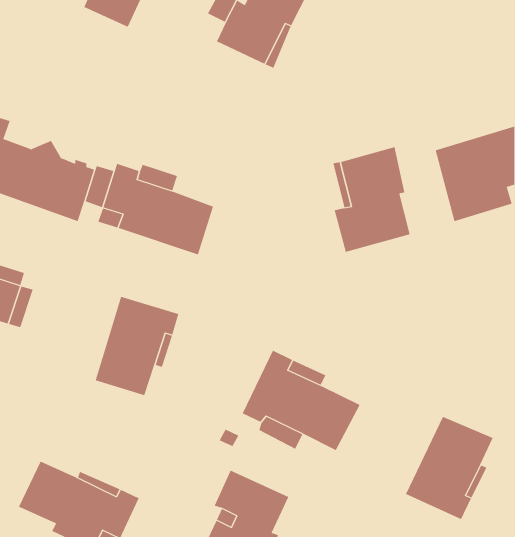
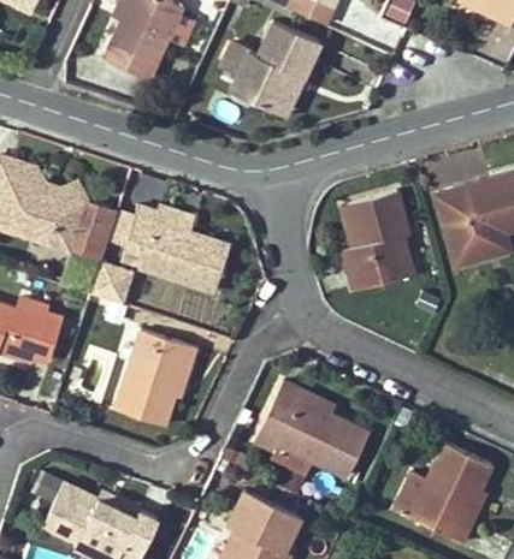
building: none -> [90,260,134,303]

